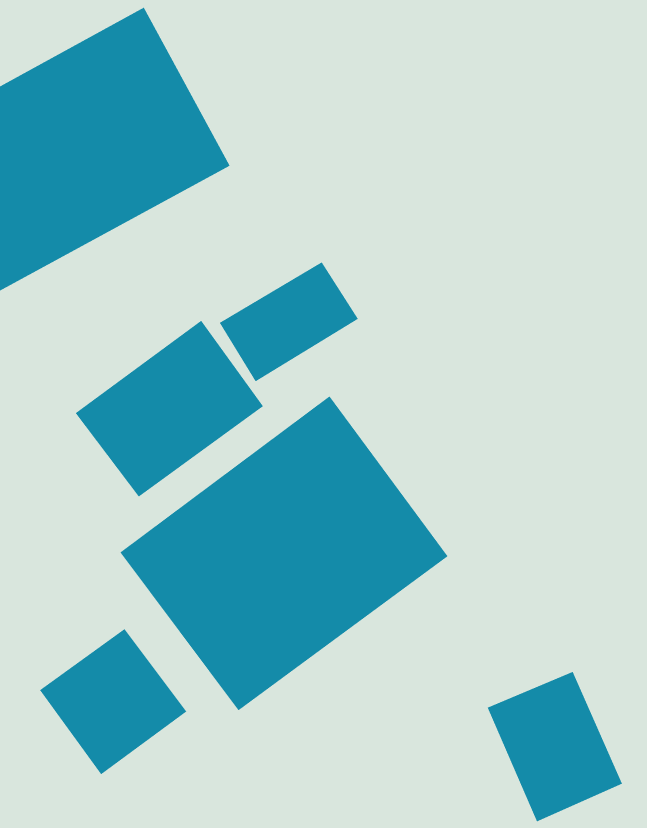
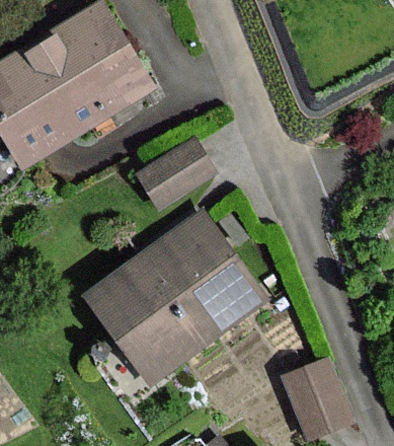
building: [75,320,264,498] -> none
building: [39,628,187,775] -> none

